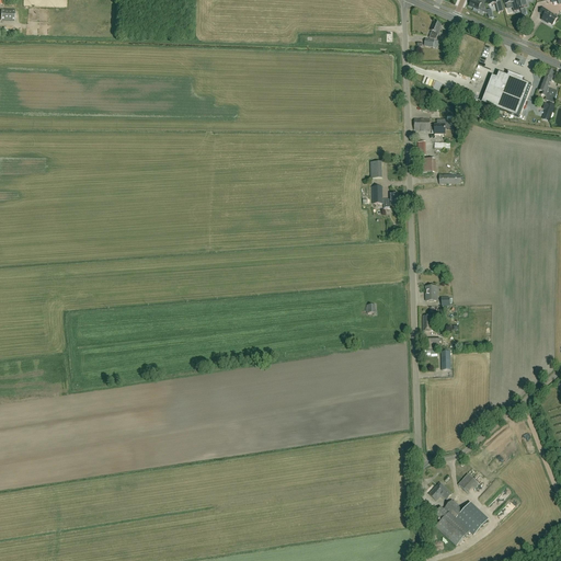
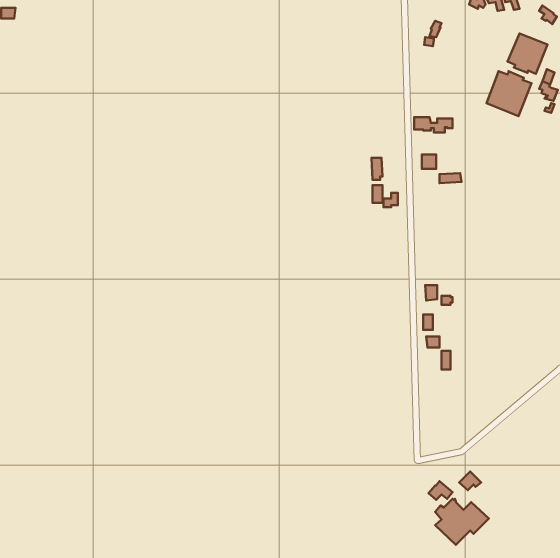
building: none -> [508,34,547,74]

